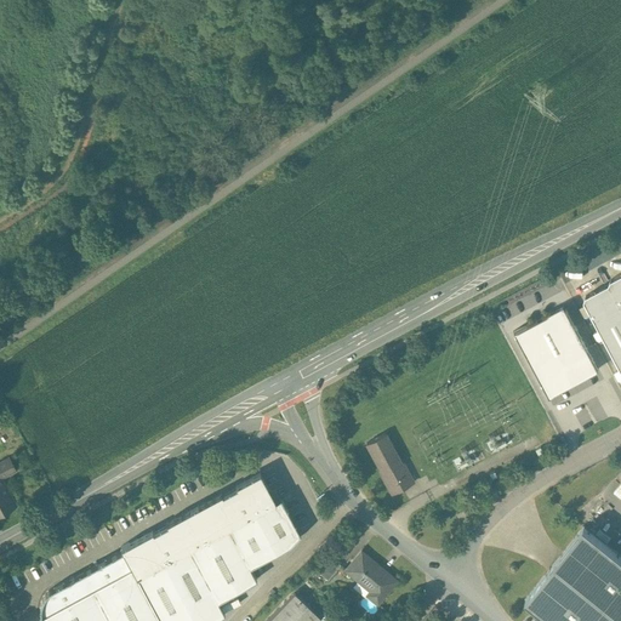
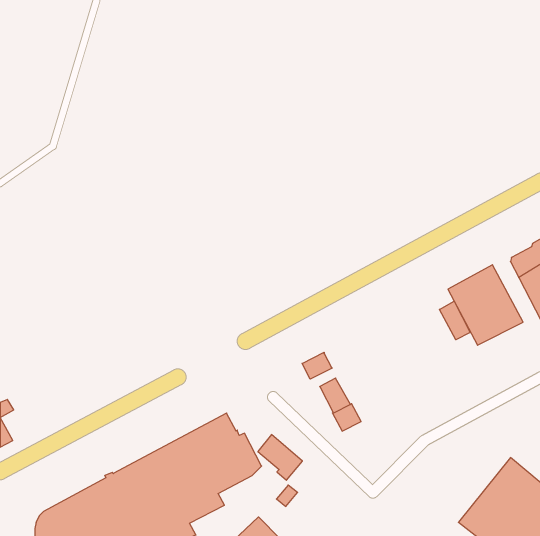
building: none -> [439,301,470,340]
building: none -> [302,352,332,379]
building: [347,558,398,610] -> [258,435,302,480]

